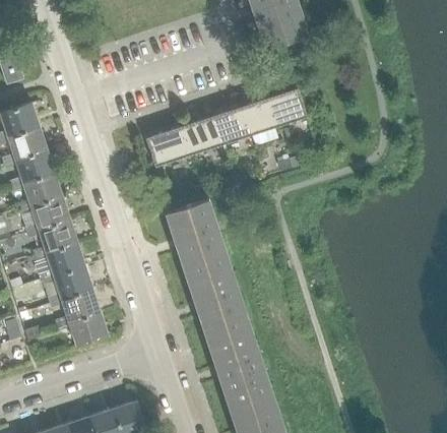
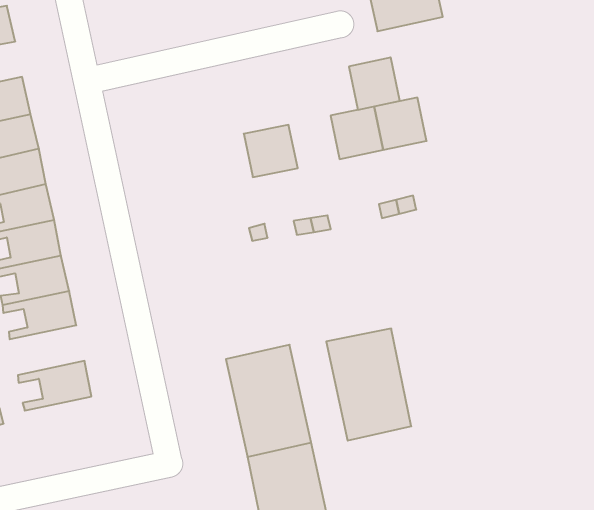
building: [211,107,248,144] -> [349,57,400,110]
building: [144,125,191,166] -> none
building: [165,199,228,277] -> [326,329,411,441]
building: [40,265,91,303] -> none
building: [55,312,107,346] -> none

